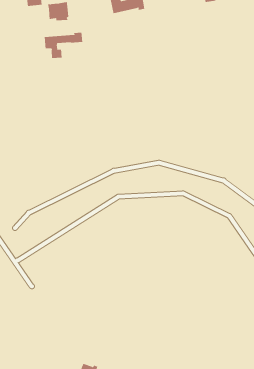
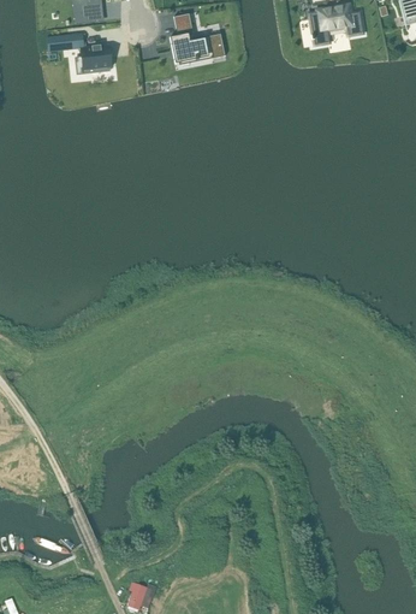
building: [44,32,83,59] -> none

